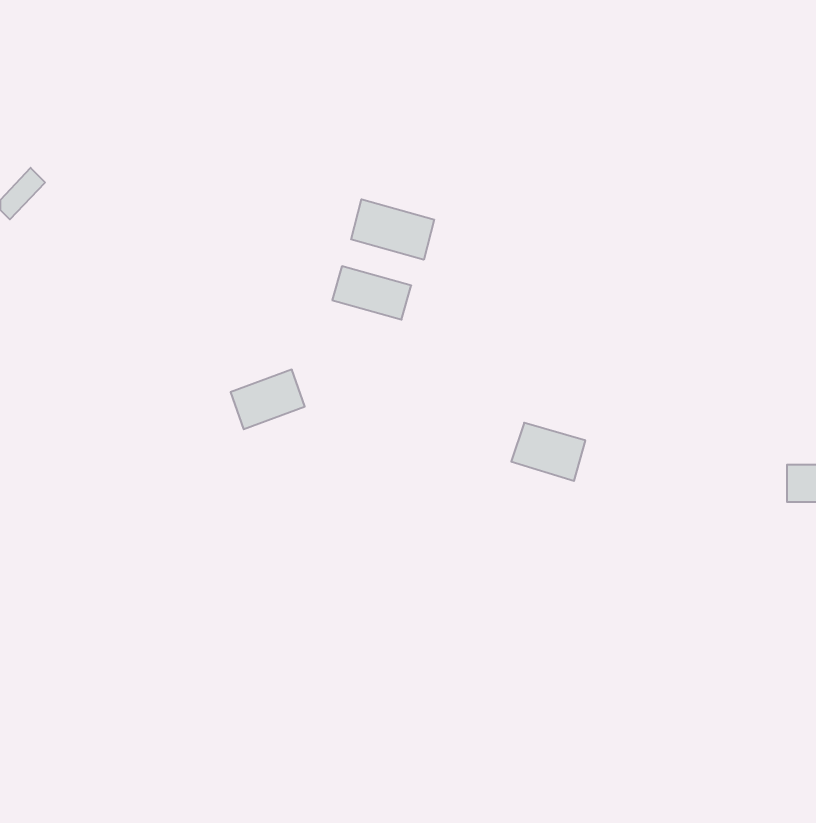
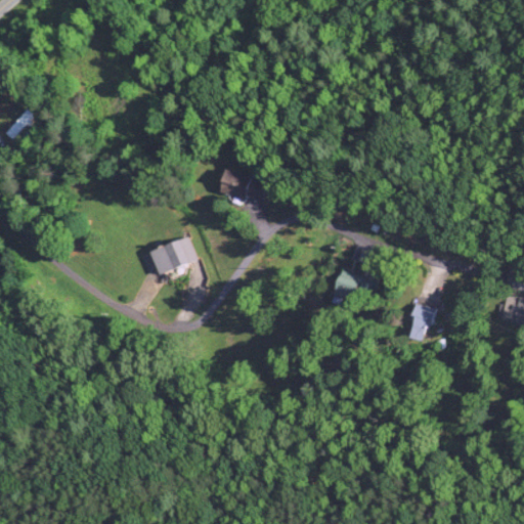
building: [351,199,434,260] -> none
building: none -> [406,303,435,342]

